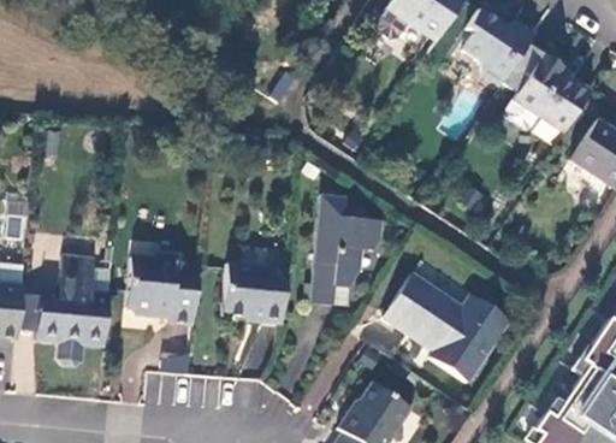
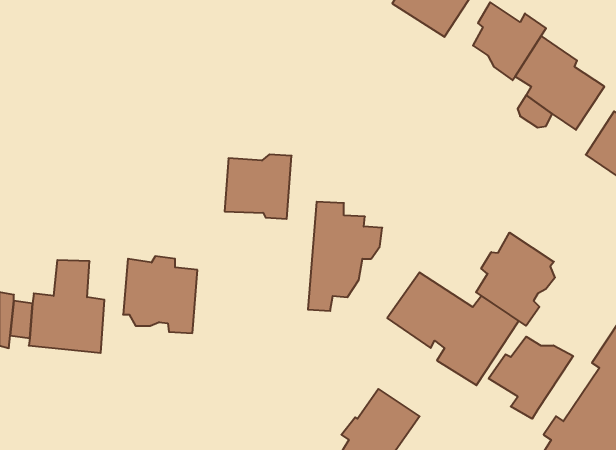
building: none -> [476,233,555,326]
building: [220,266,285,329] -> [225,154,292,219]
building: none -> [489,337,573,419]

